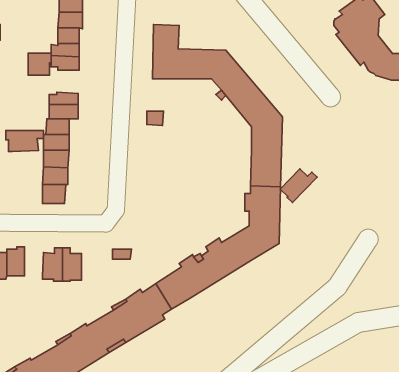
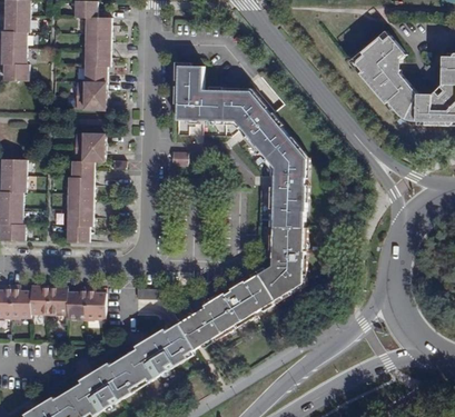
building: [28,53,51,75] -> none
building: [6,130,44,152] -> none
building: [280,169,317,203] -> none
building: none -> [49,286,68,315]

